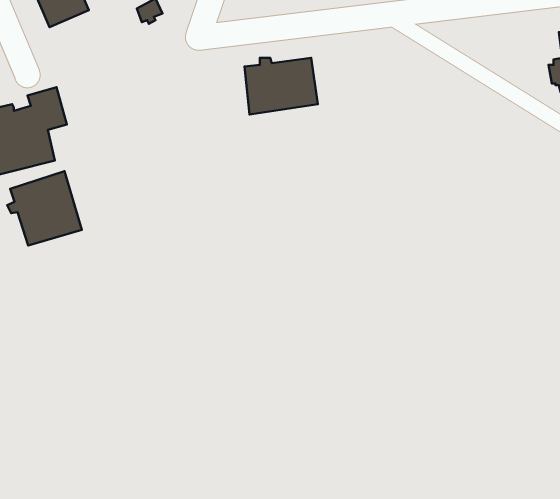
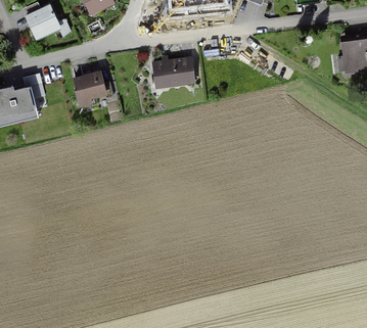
building: none -> [73,69,114,108]
building: [7,171,82,246] -> none

